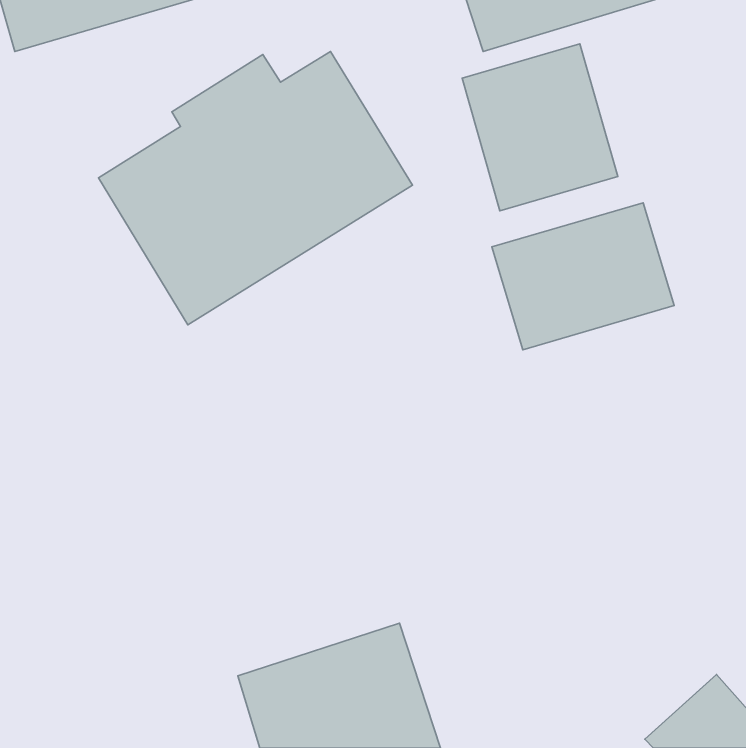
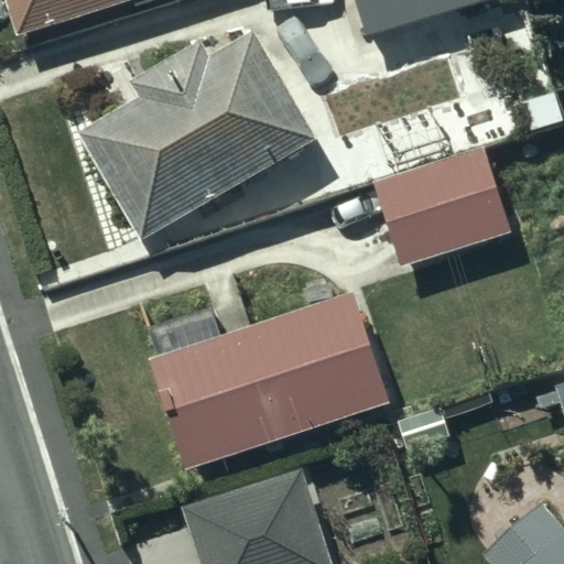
building: [462,44,618,211] -> none
building: none -> [152,296,387,465]

